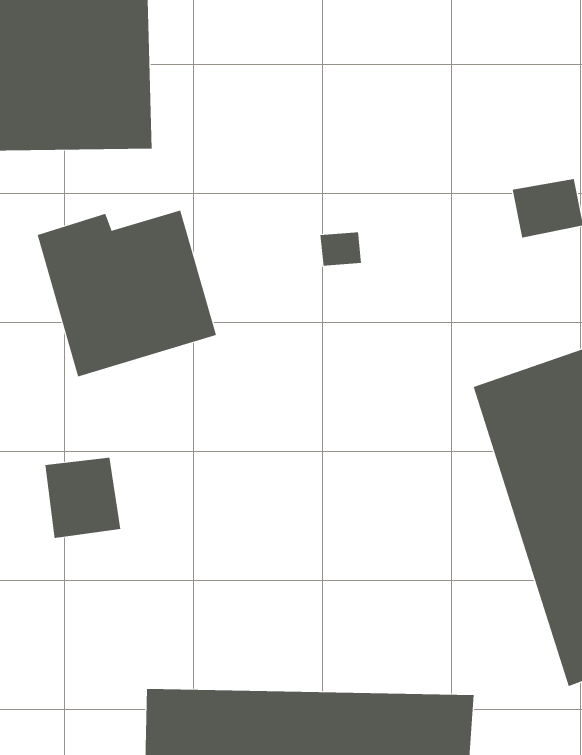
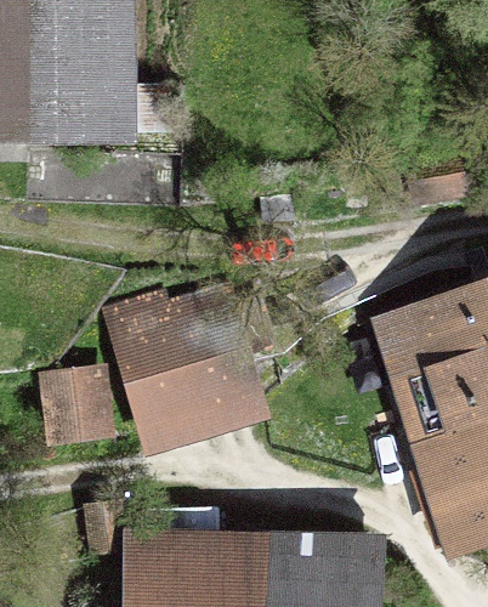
building: [37,210,217,377] -> [109,290,249,420]

